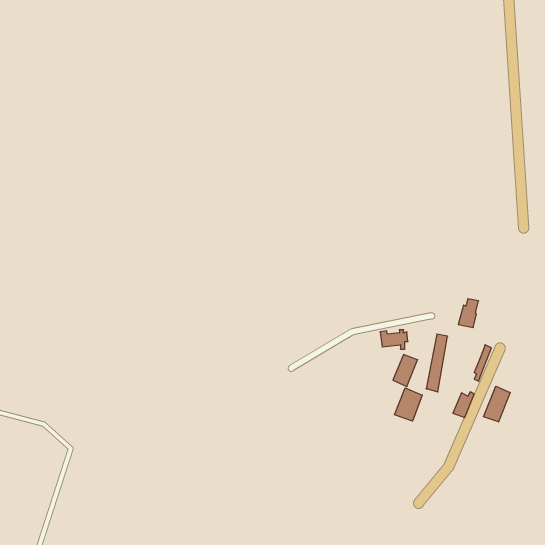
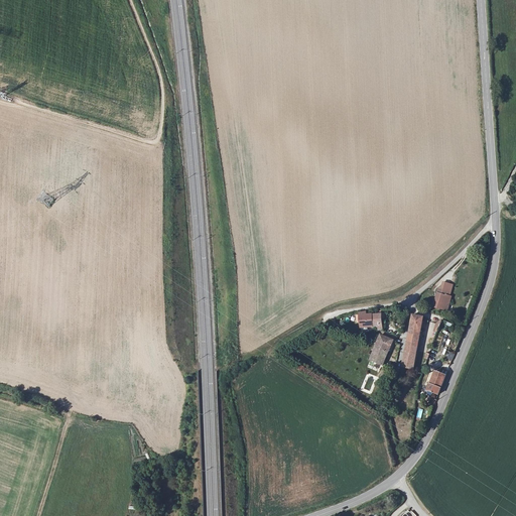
building: [483,386,510,422] -> none
building: [395,388,422,421] -> none

